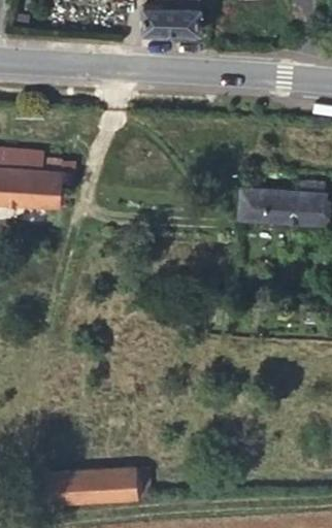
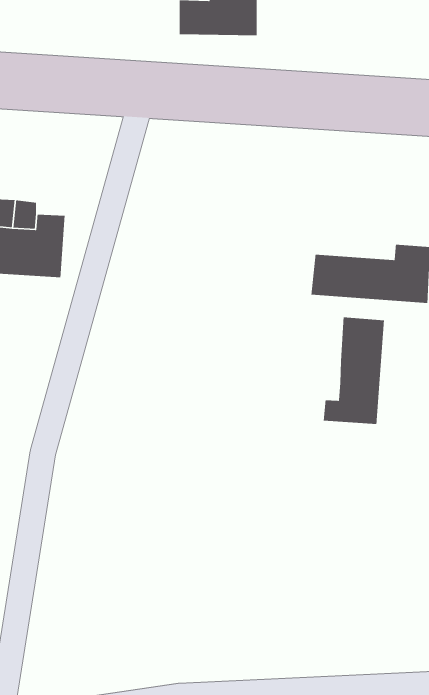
building: none -> [323,317,385,425]
building: [48,471,136,504] -> none

